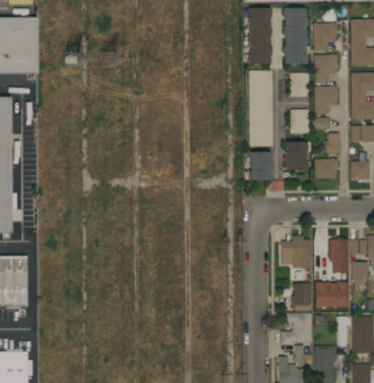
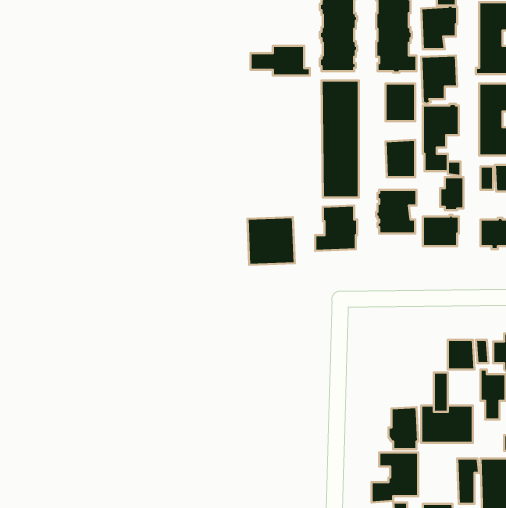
building: none -> [250,46,310,75]
building: none -> [247,217,295,265]
building: [282,236,311,269] -> none

